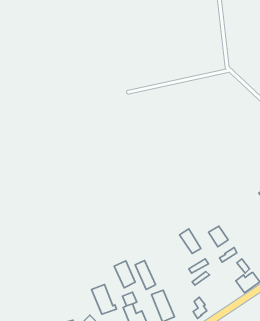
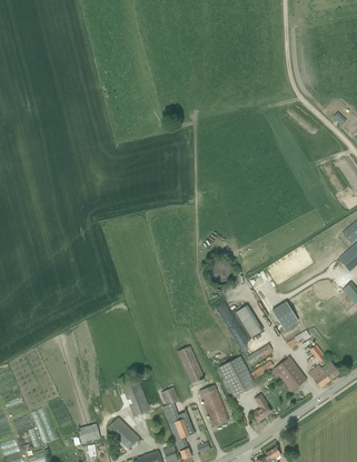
building: [114,261,135,288] -> none
building: none -> [218,356,256,398]
building: none -> [272,356,306,392]

